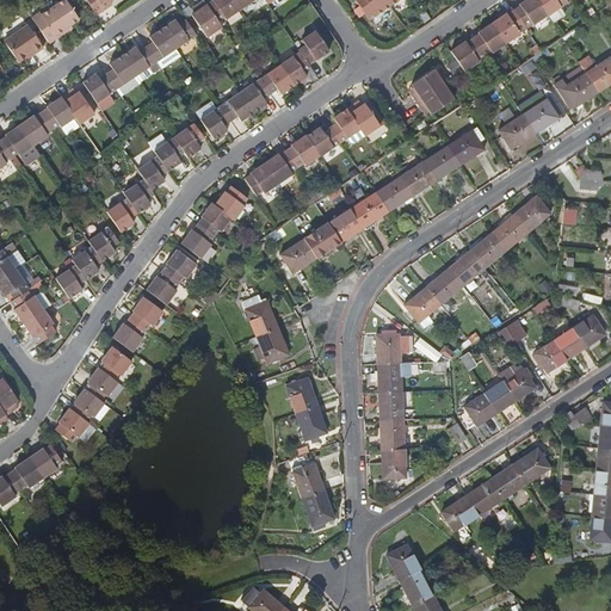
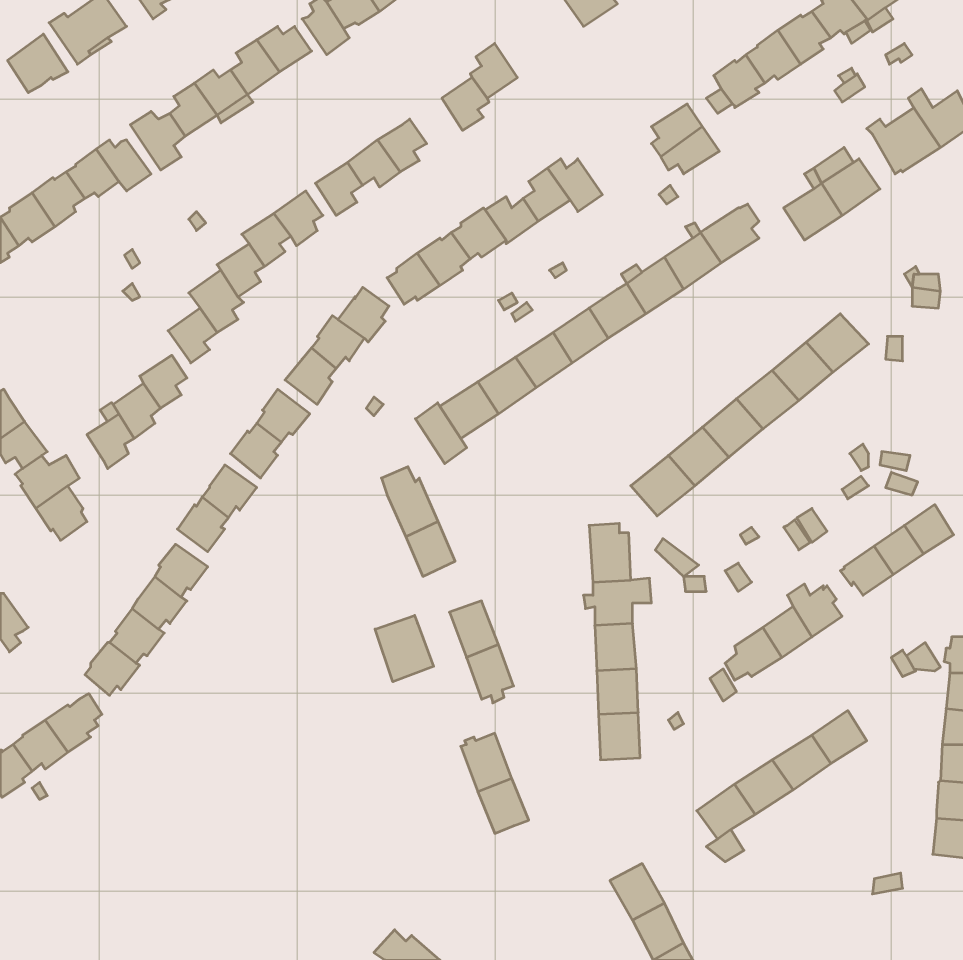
building: [260,62,294,92] -> none
building: none -> [415,403,467,464]
building: none -> [375,615,434,682]

